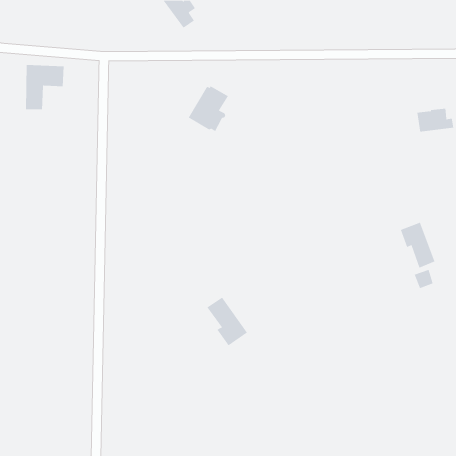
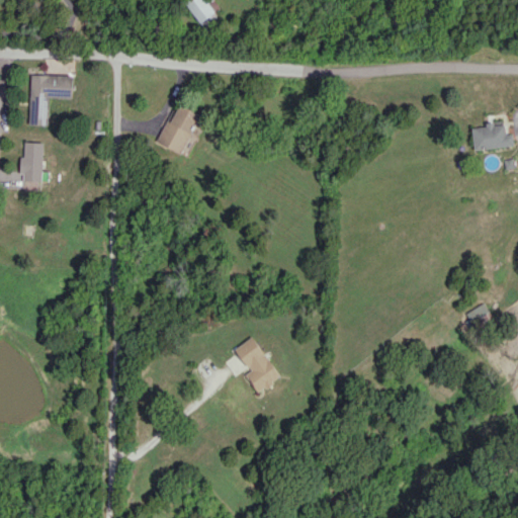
building: [188,85,229,132] -> [155,104,201,157]
building: none -> [18,142,49,183]
building: [400,222,435,268] -> none

